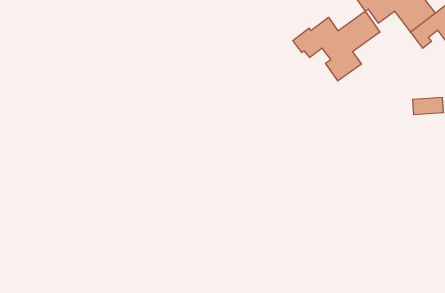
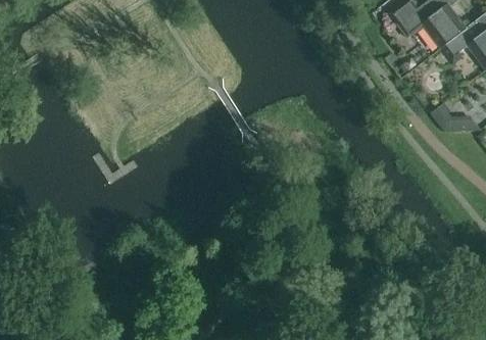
building: [293,11,380,81] -> none

